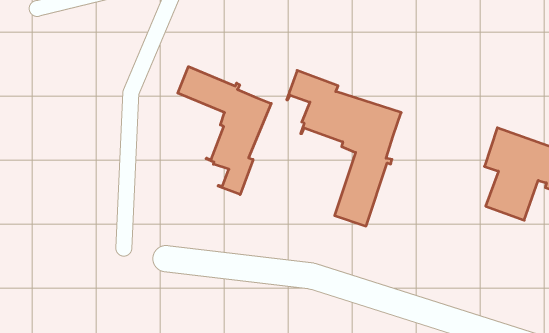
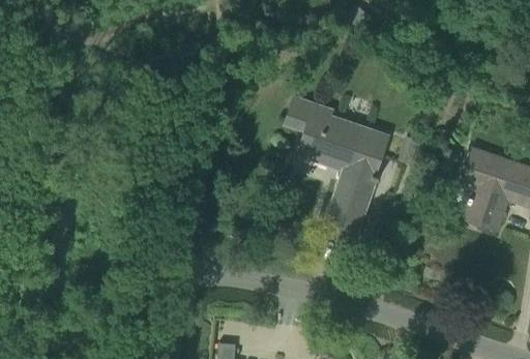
building: [178,67,271,195] -> none

